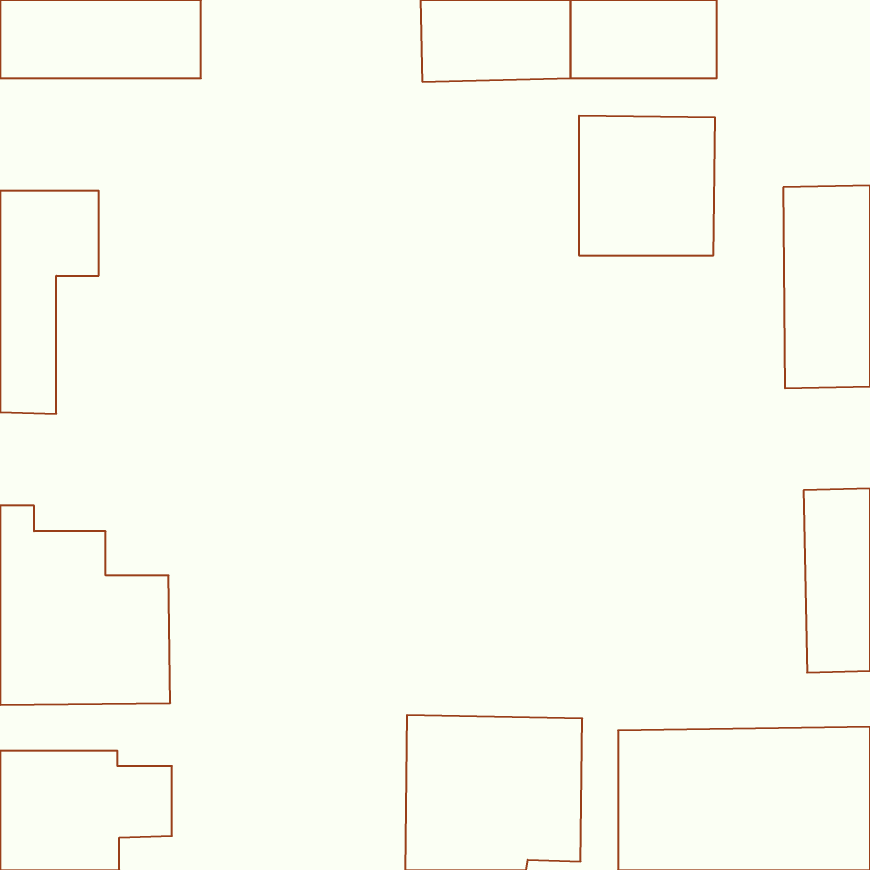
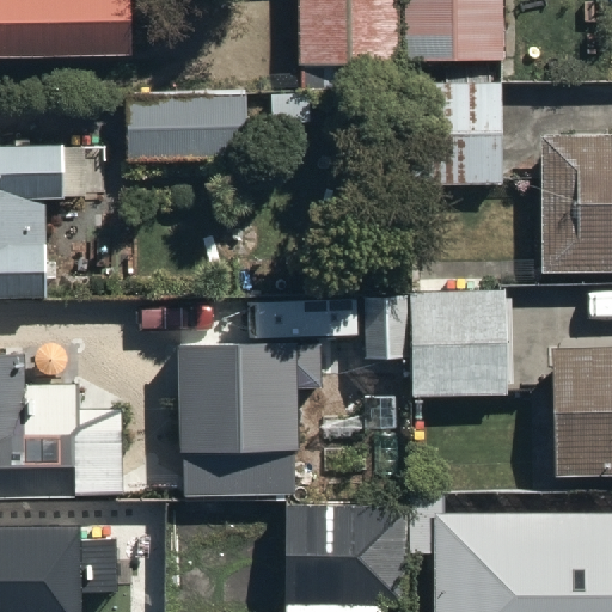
building: none -> [126,93,253,161]
building: none -> [416,284,507,397]
building: none -> [184,343,318,495]

